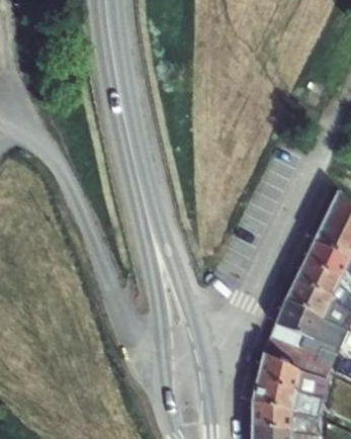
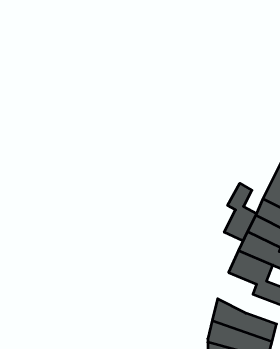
building: none -> [224,183,257,241]
building: [263,324,306,369] -> none

